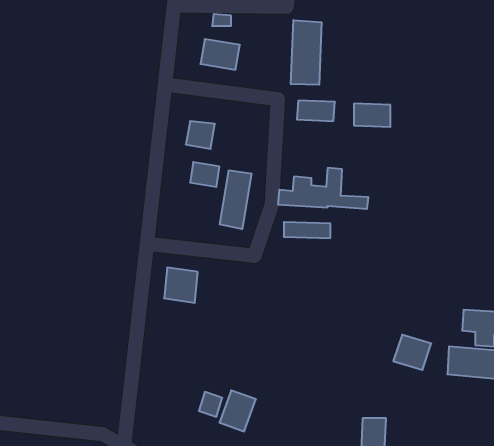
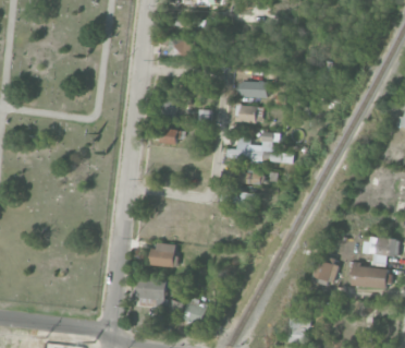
building: [291,20,322,85] -> none
building: [354,104,390,127] -> [234,106,261,123]
building: [220,170,251,229] -> none
building: [164,268,198,303] -> [150,242,175,268]
building: none -> [137,280,165,308]

